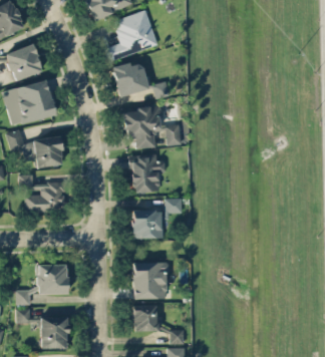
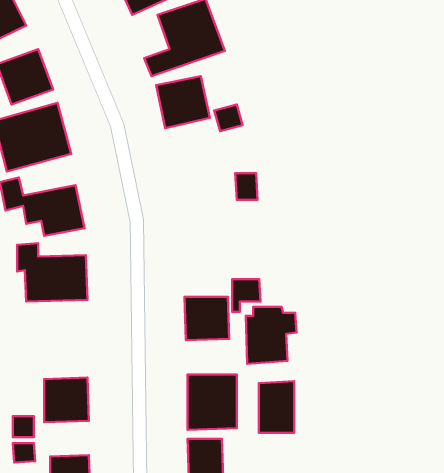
building: [123,105,161,148] -> none
building: [131,155,166,194] -> [246,307,297,364]
building: none -> [259,381,294,433]

